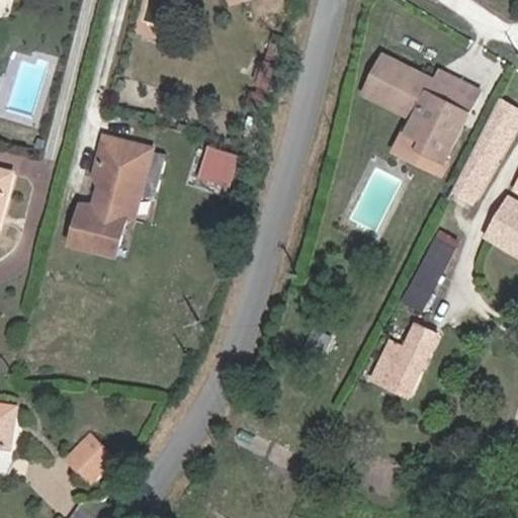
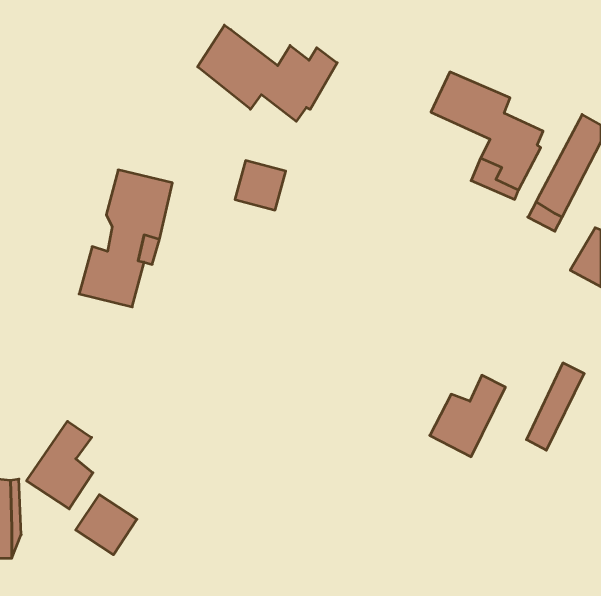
building: none -> [198,25,337,121]
building: [432,74,481,115] -> none
building: [406,229,455,304] -> [526,363,584,450]
building: none -> [27,421,93,509]

